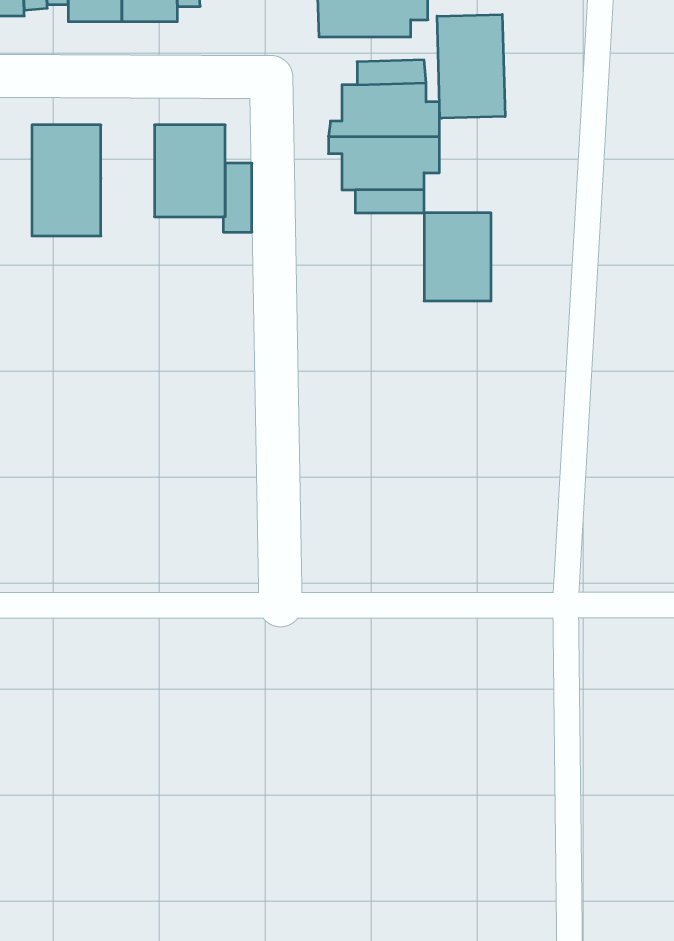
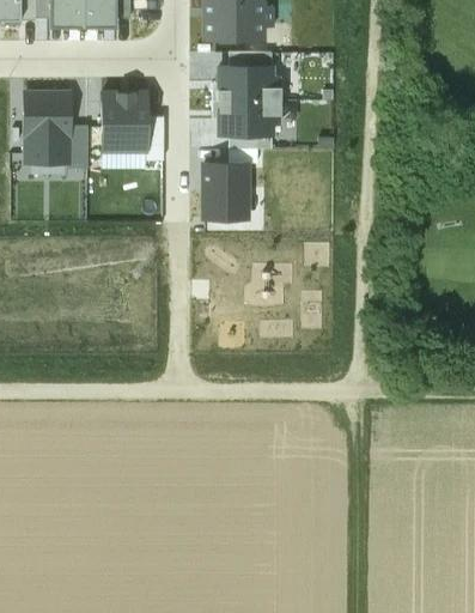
building: [437,14,505,118] -> none
building: none -> [67,126,87,168]
building: [424,213,491,301] -> [203,163,245,218]

